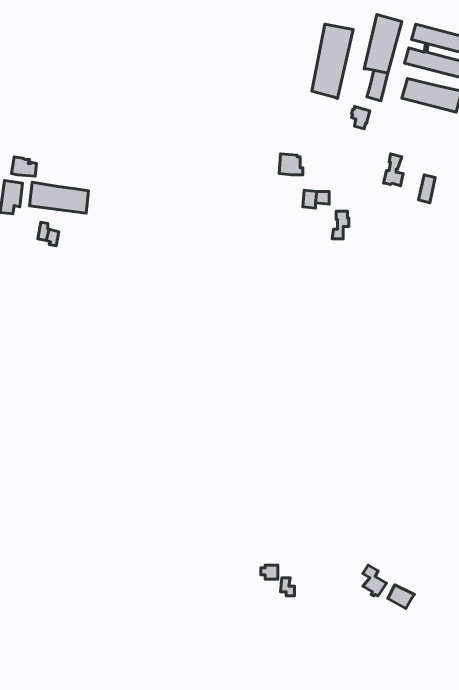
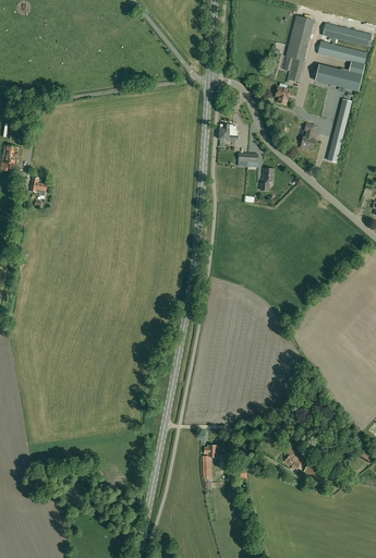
building: [312,24,353,99] -> none
building: [29,182,89,213] -> none

